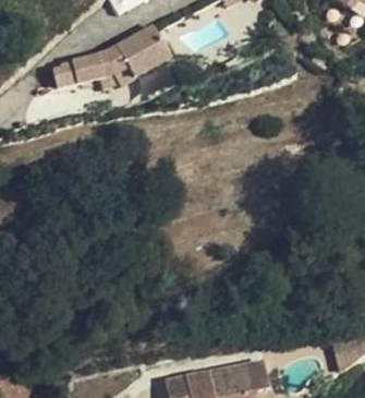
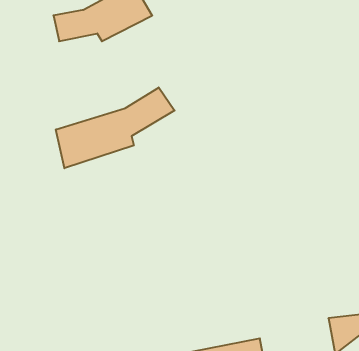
building: none -> [56,87,175,168]

